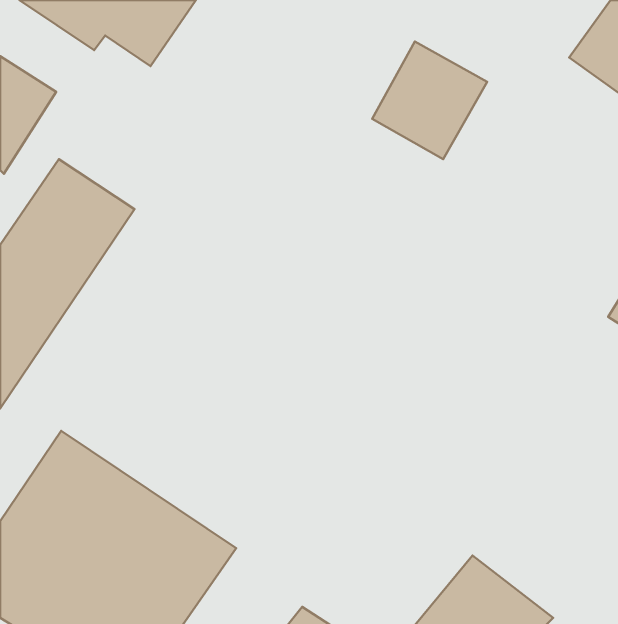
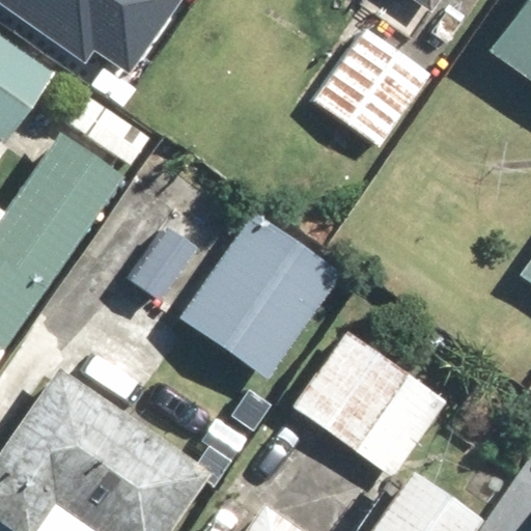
building: none -> [181,219,338,376]
building: none -> [297,334,441,475]

